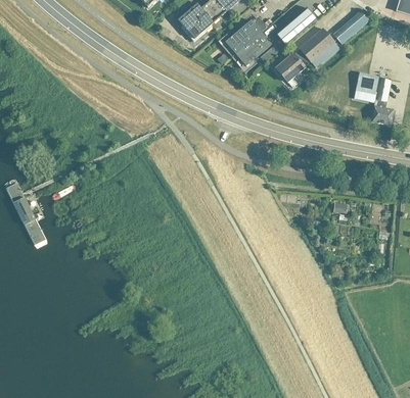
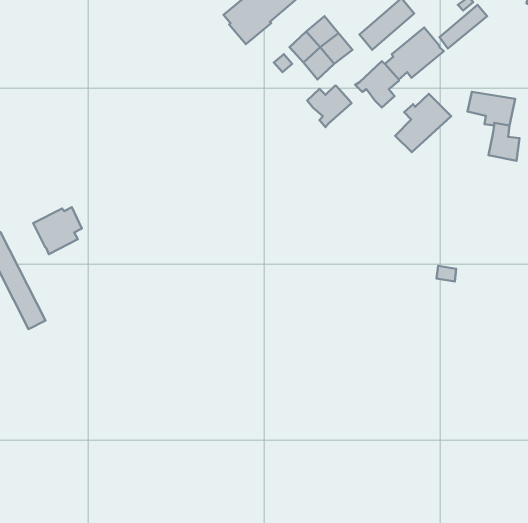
building: none -> [307,86,352,127]
building: none -> [395,94,451,152]
building: none -> [33,207,82,254]

